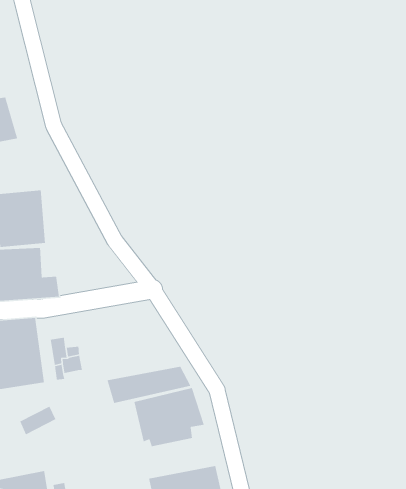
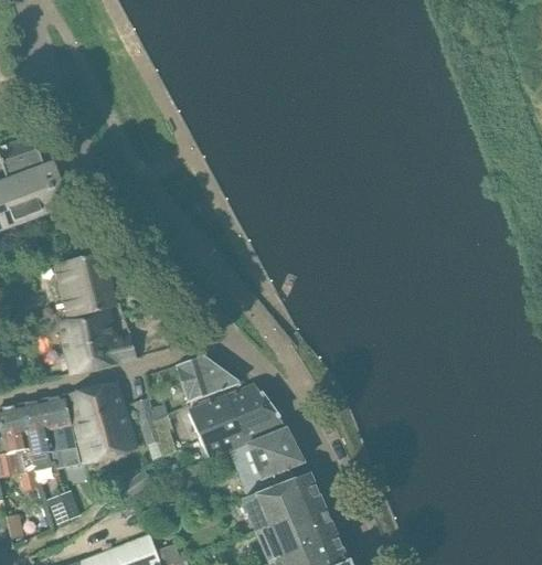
building: none -> [174,354,238,402]
building: none -> [187,384,270,434]
building: none -> [245,473,322,526]

